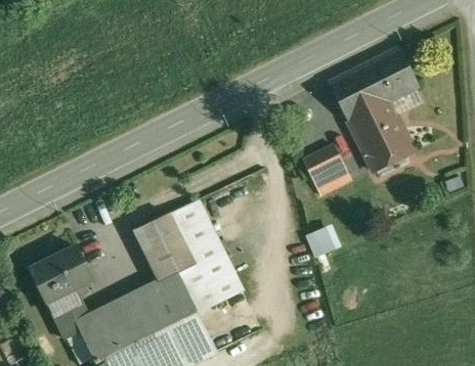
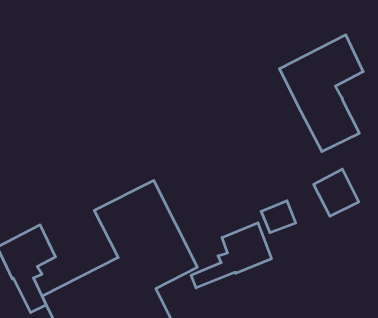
building: [303,143,351,193] -> [314,169,359,216]
building: none -> [191,223,271,288]

